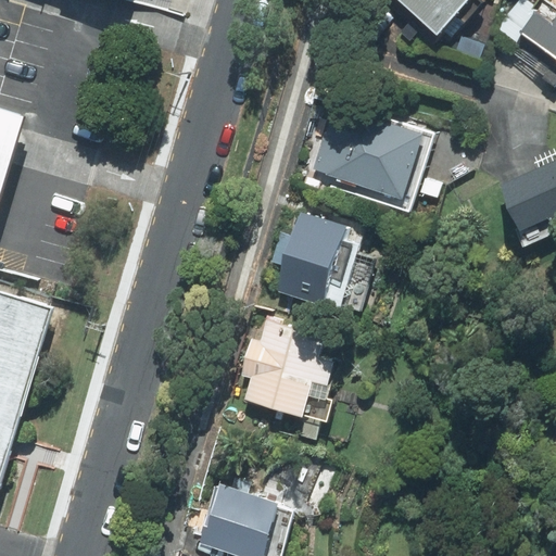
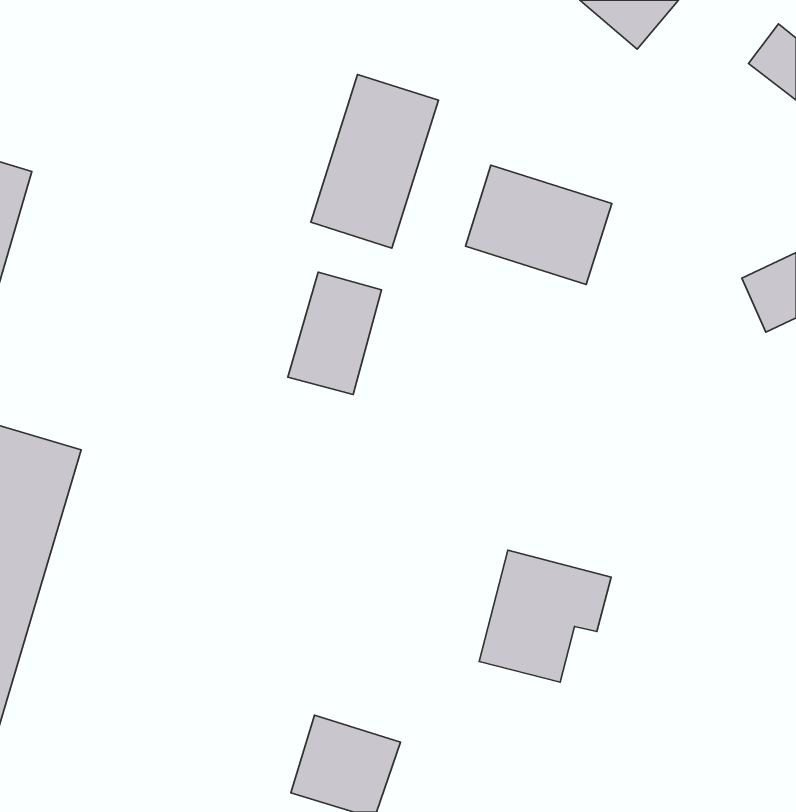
building: none -> [311,74,439,248]
building: [278,222,342,305] -> [288,272,382,395]
building: [243,325,333,415] -> [479,550,611,682]

